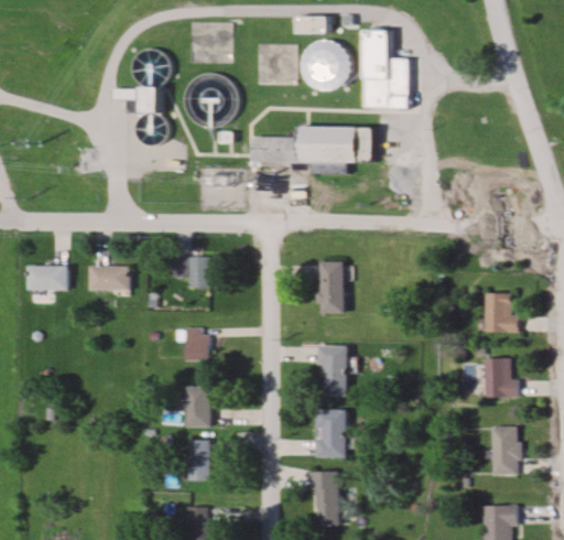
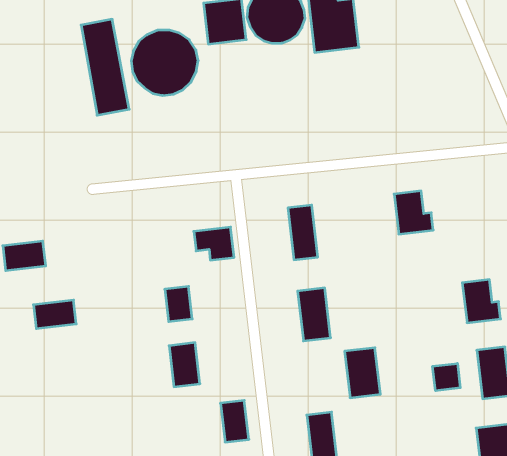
building: [250,127,372,164] -> none
building: [176,257,214,288] -> [194,227,234,260]
building: [89,267,130,291] -> [33,300,76,329]
building: [485,293,520,334] -> [394,191,433,234]
building: [315,410,346,457] -> [345,348,380,398]
building: none -> [433,363,460,391]
building: [185,441,209,480] -> [220,400,249,442]

